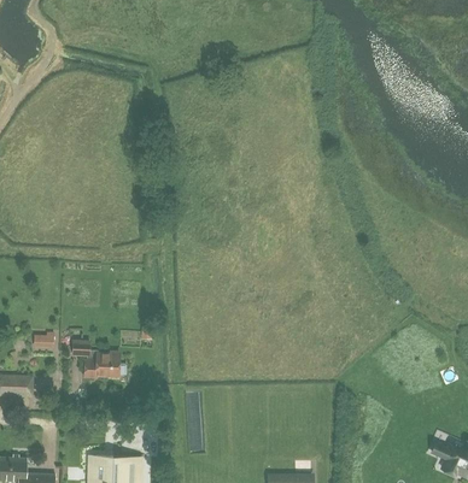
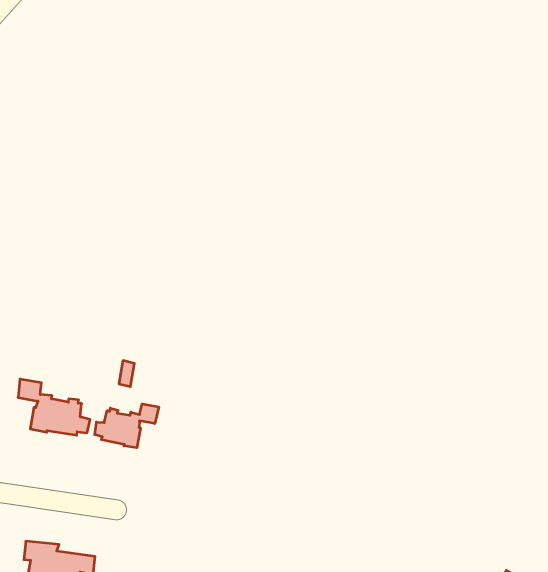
building: none -> [95,404,159,448]

